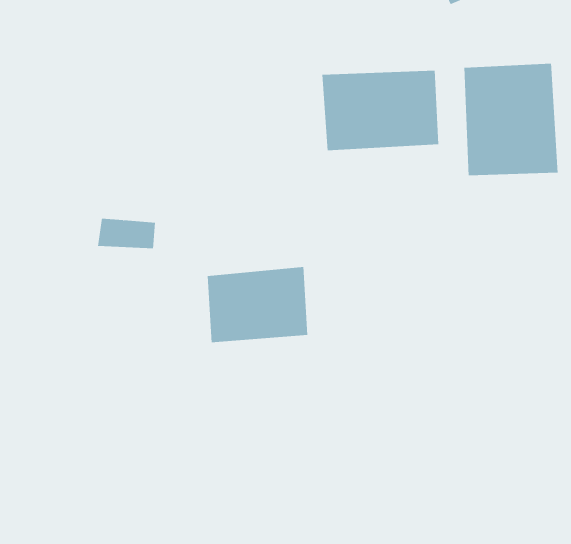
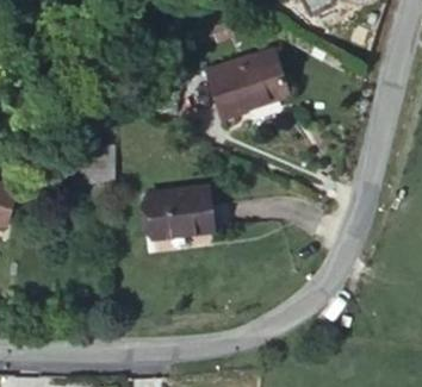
building: [464,63,558,176] -> none

